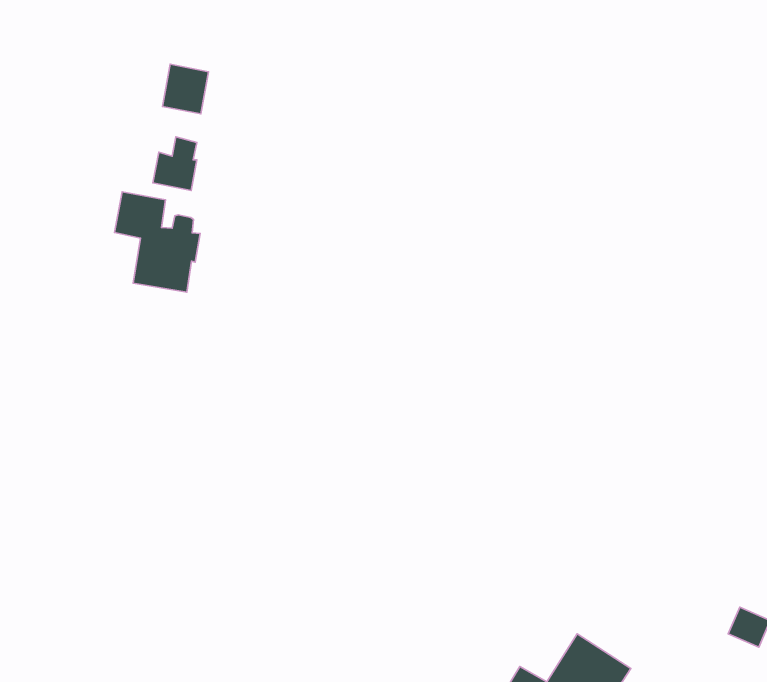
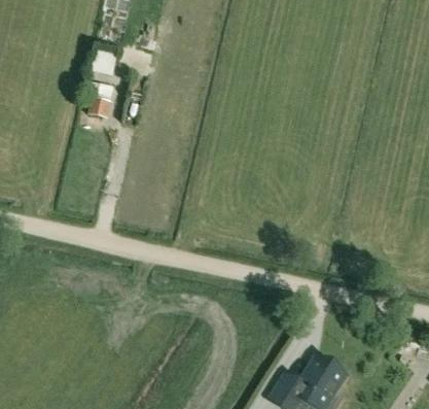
building: [115,192,200,292] -> none

